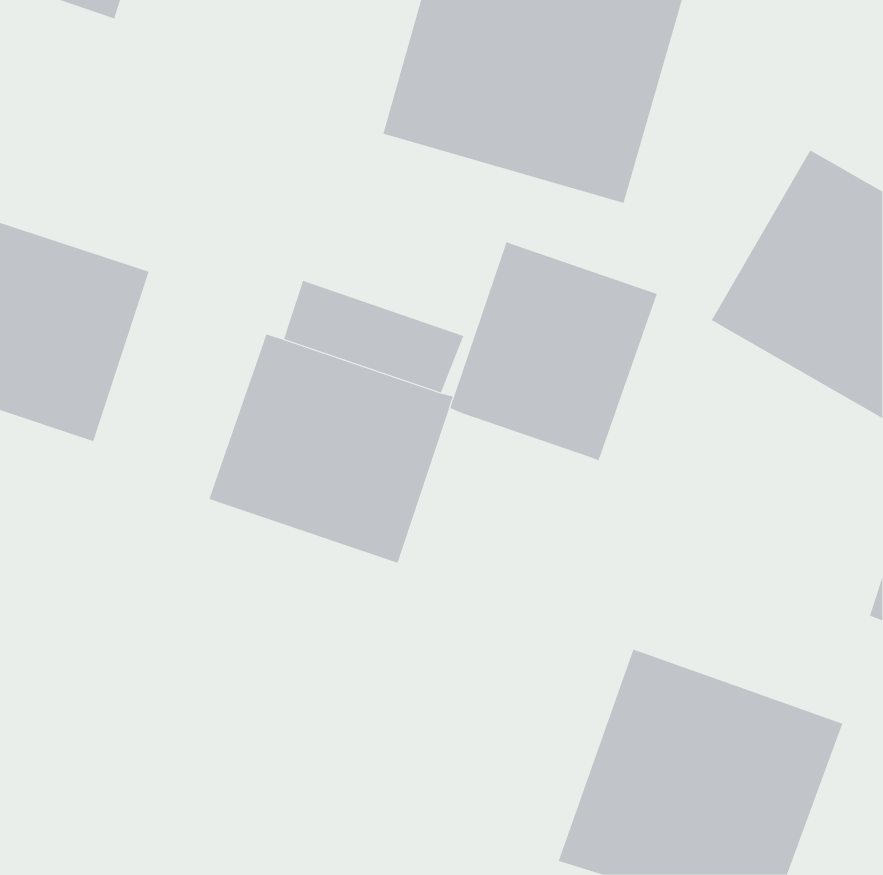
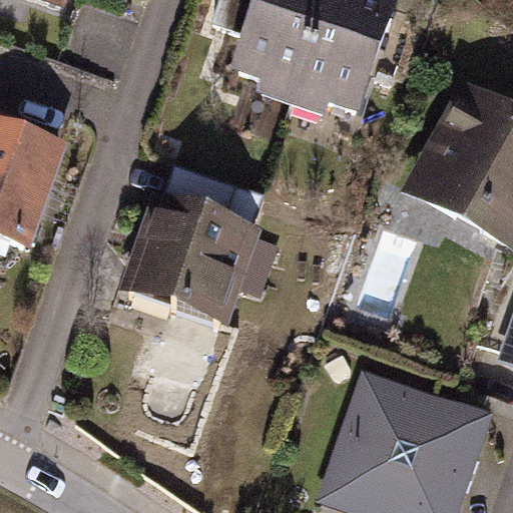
building: [450,241,657,461] -> none

